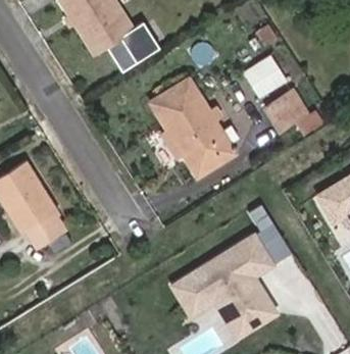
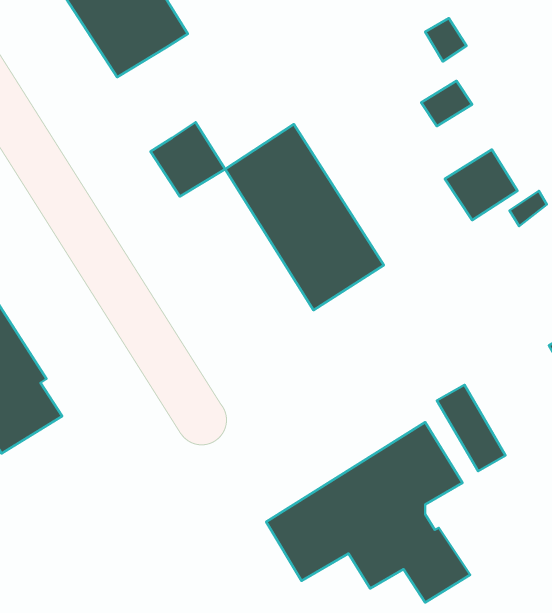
building: [120,23,159,62] -> [151,122,225,197]

